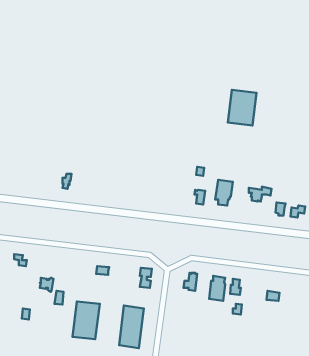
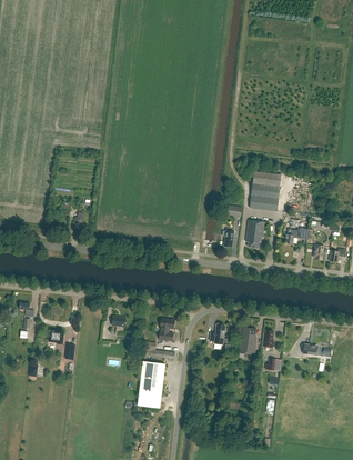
building: [228,90,257,126] -> [250,171,282,211]
building: [72,302,100,339] -> none

